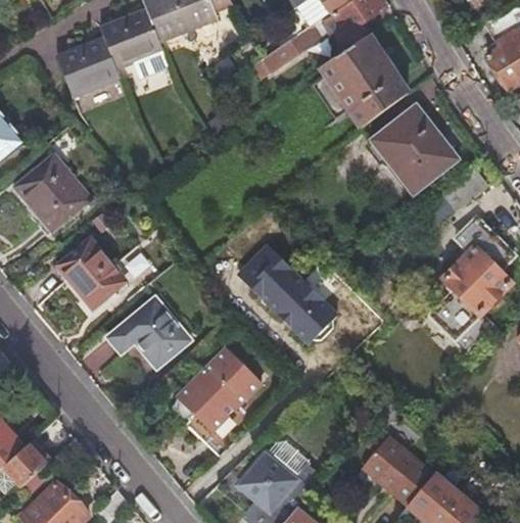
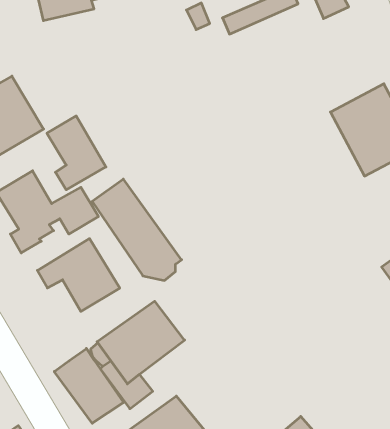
building: [310,34,408,126] -> none
building: none -> [47,116,106,190]
building: [239,246,334,337] -> [92,179,182,280]
building: none -> [54,348,123,423]

